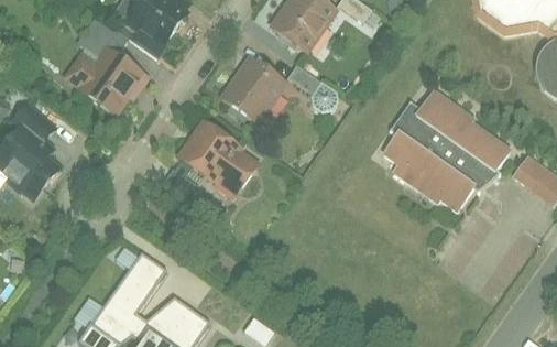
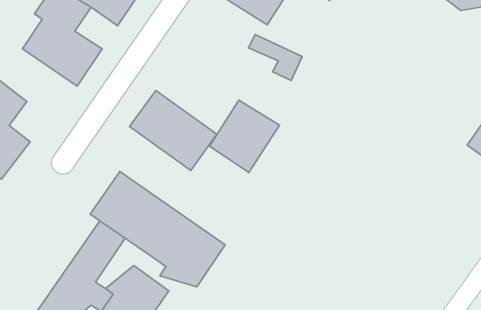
building: [216,55,286,128] -> [209,100,279,172]
building: [374,89,507,208] -> none
building: none -> [90,171,225,287]

